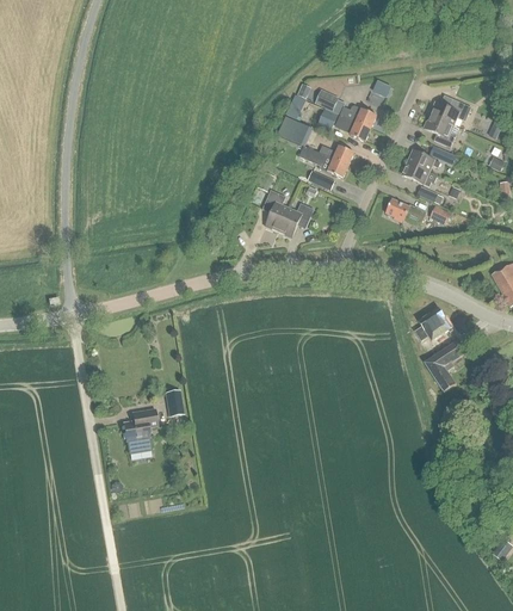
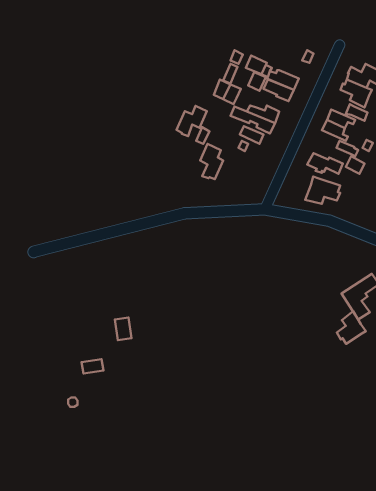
building: [279,203,314,237] -> [177,106,207,136]
building: none -> [305,176,340,204]
building: [413,307,451,341] -> none
building: none -> [337,311,366,344]
building: [123,408,157,440] -> none

